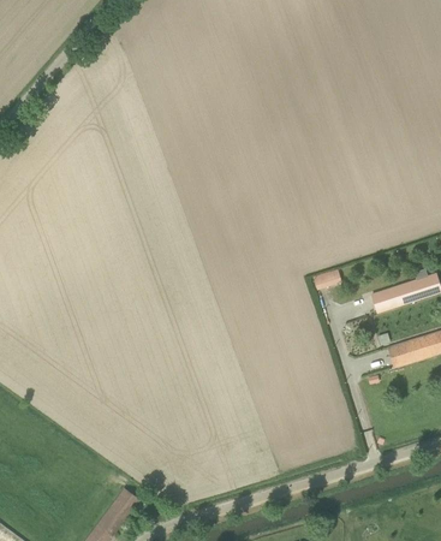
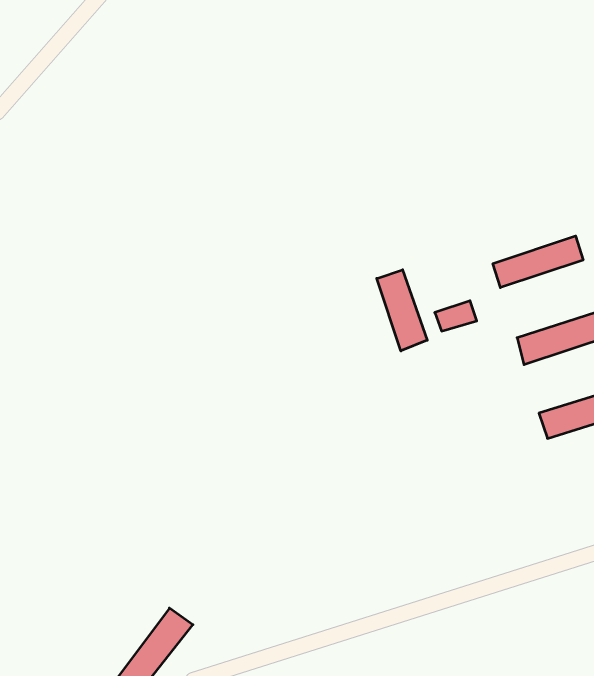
building: none -> [493,236,583,288]
building: none -> [377,270,427,351]

